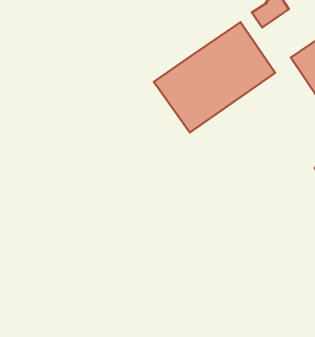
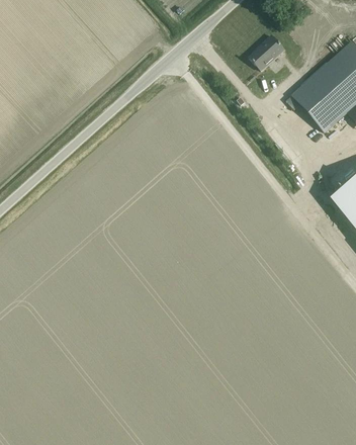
building: [154,22,275,132] -> none

